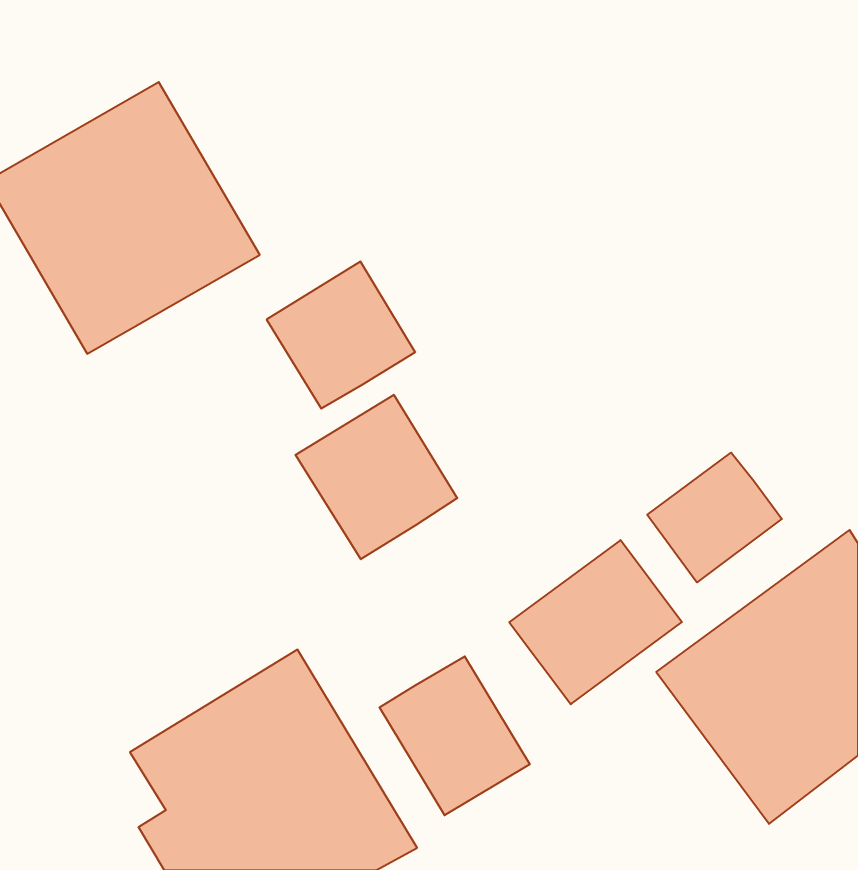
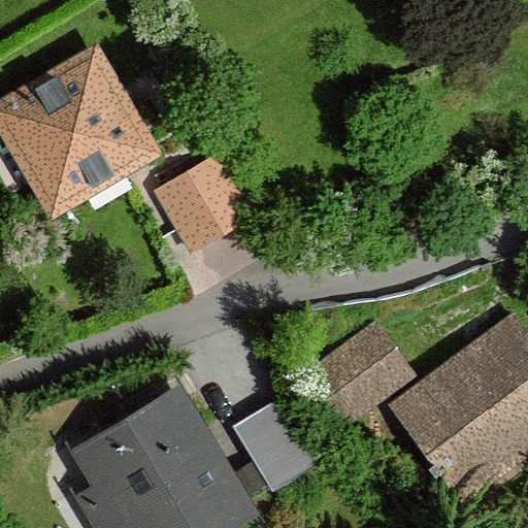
building: [296,395,457,559] -> none
building: [647,453,782,582] -> none

